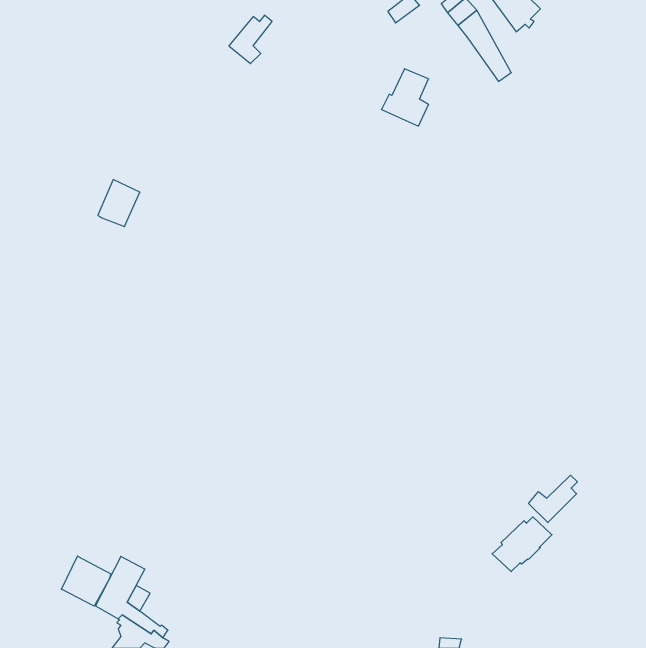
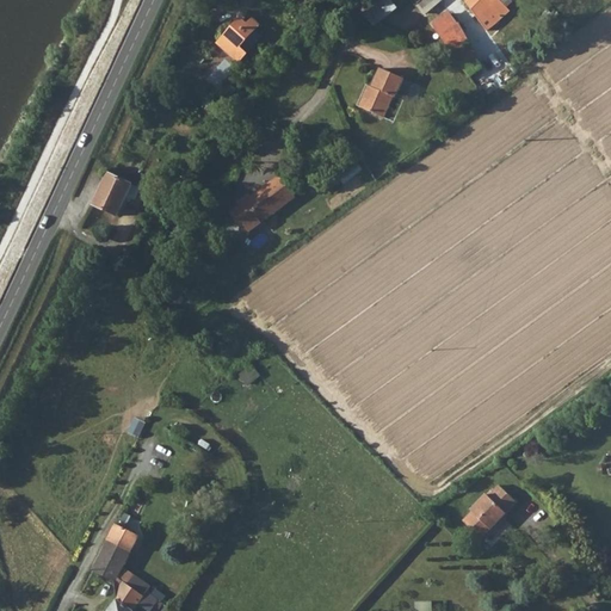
building: none -> [239,172,302,229]
building: [529,475,577,523] -> none
building: [61,556,111,606] -> none

